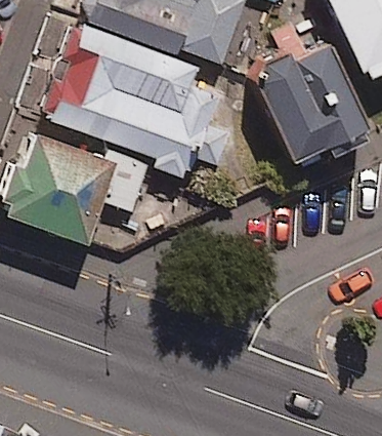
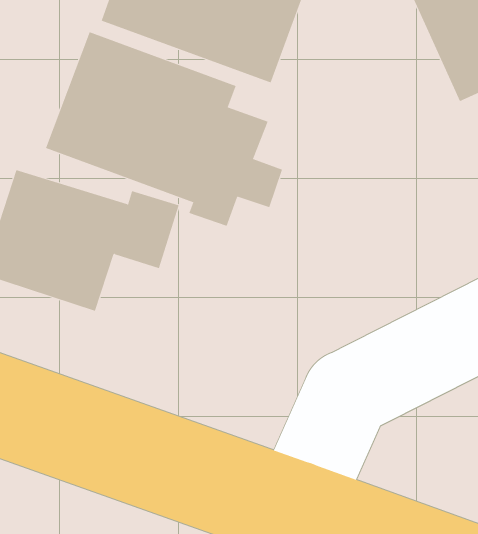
building: [252,23,373,165] -> none

